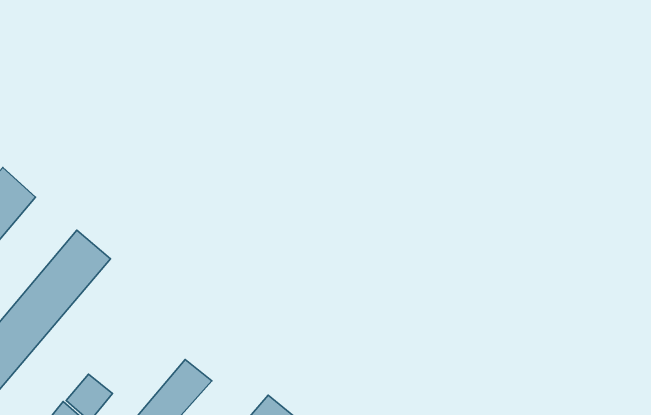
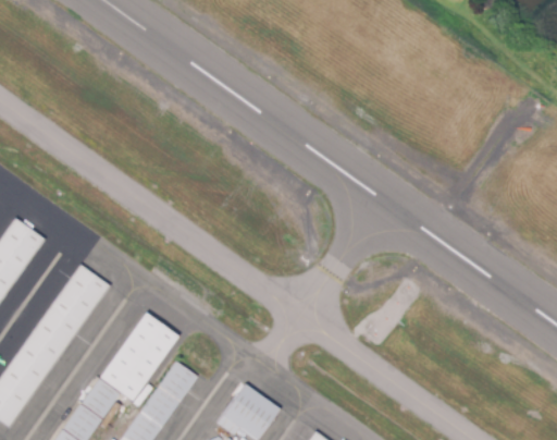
building: none -> [98,313,178,402]

